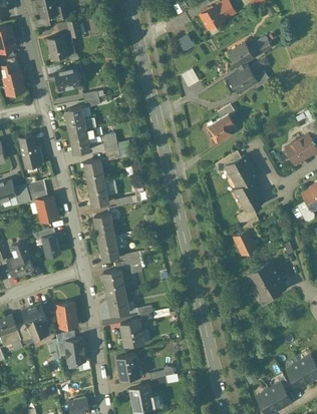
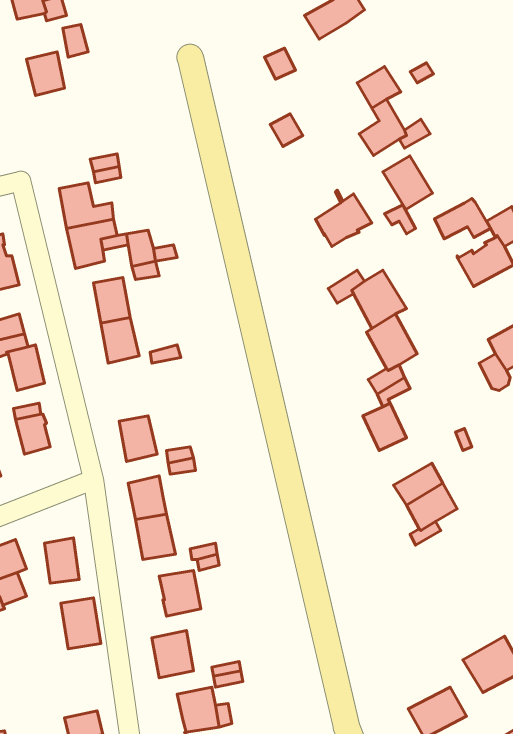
building: [54,67,80,90] -> none
building: none -> [383,156,433,210]
building: none -> [435,199,490,239]
building: [93,214,113,239] -> none

